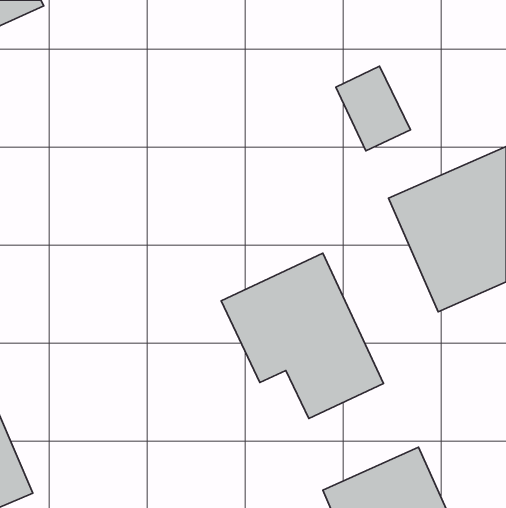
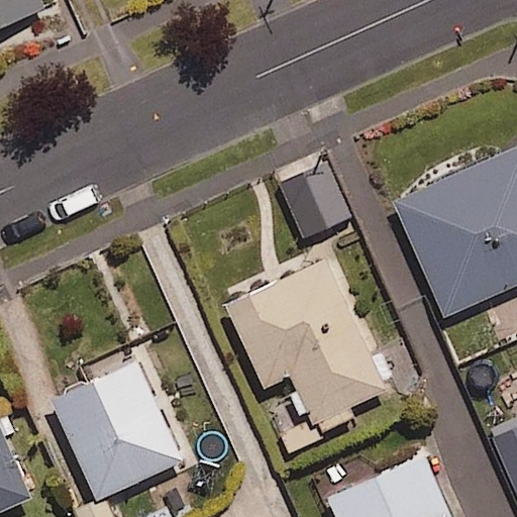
building: [336,66,411,151] -> [273,152,348,238]
building: none -> [50,361,184,502]

